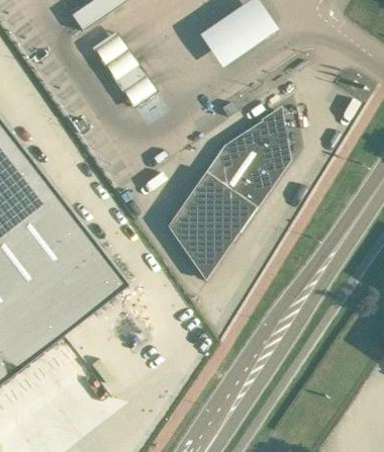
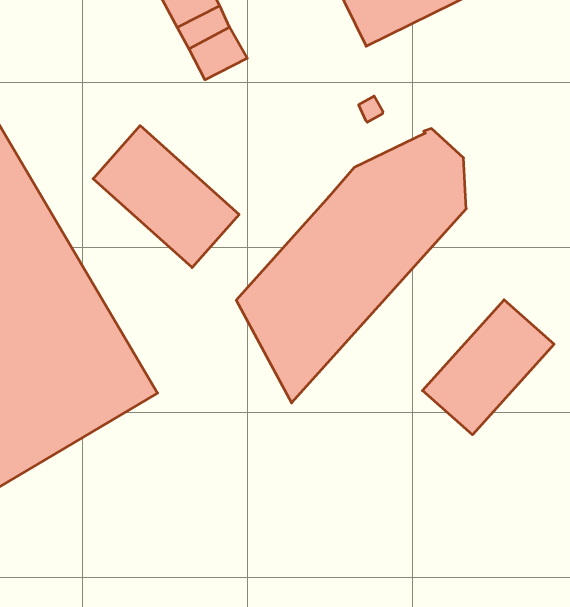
building: none -> [93,126,239,268]
building: none -> [422,300,554,435]

